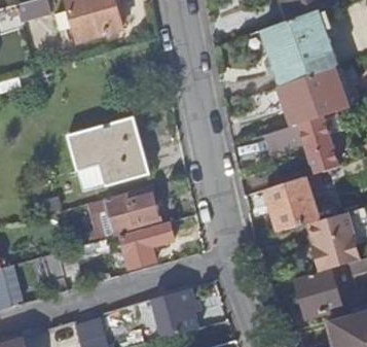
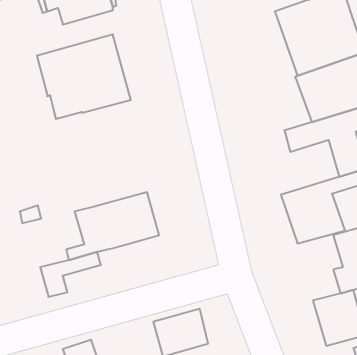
building: [68,117,149,190] -> [37,34,131,119]
building: [120,221,173,268] -> none

